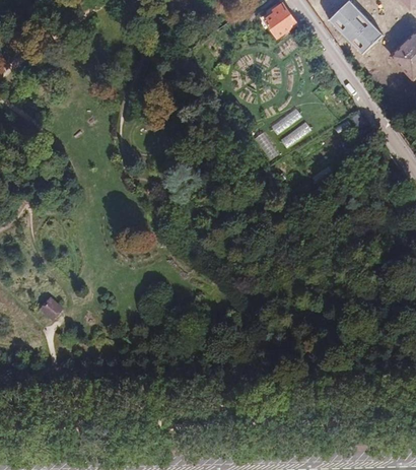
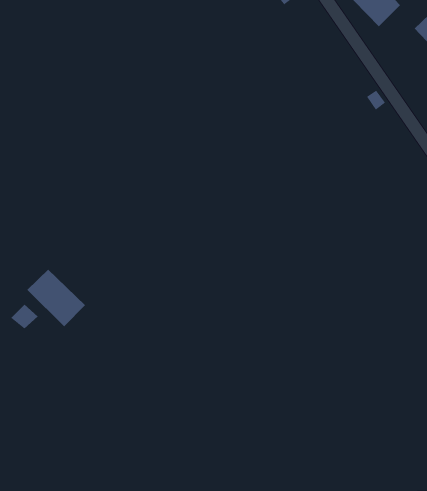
building: none -> [26,269,86,327]

